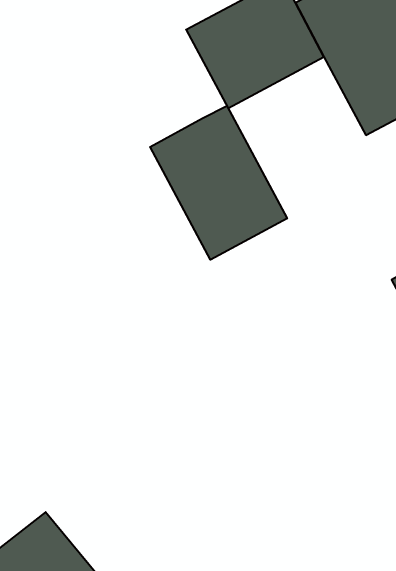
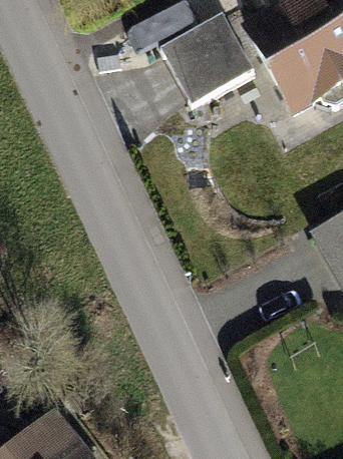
building: [150,106,287,260] -> none

